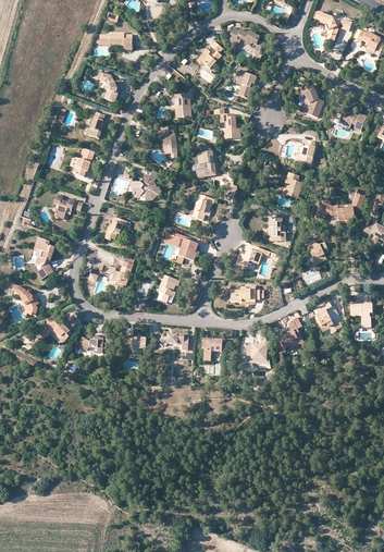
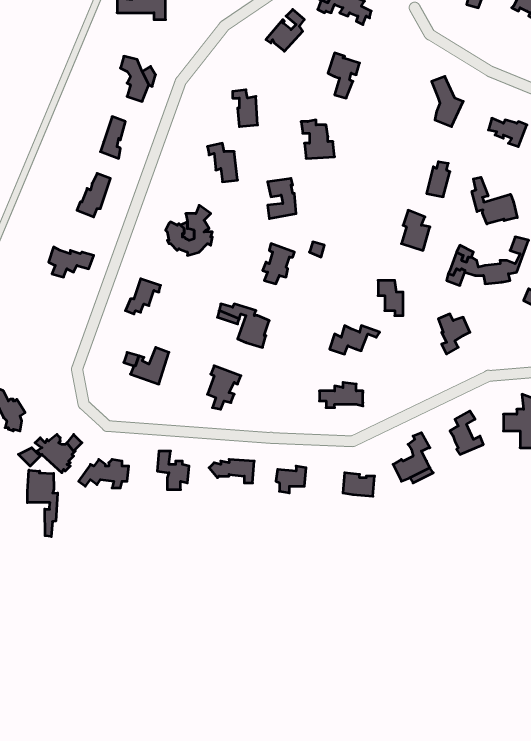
building: none -> [472,177,517,224]
building: [35,240,53,279] -> none
building: none -> [27,470,58,537]

